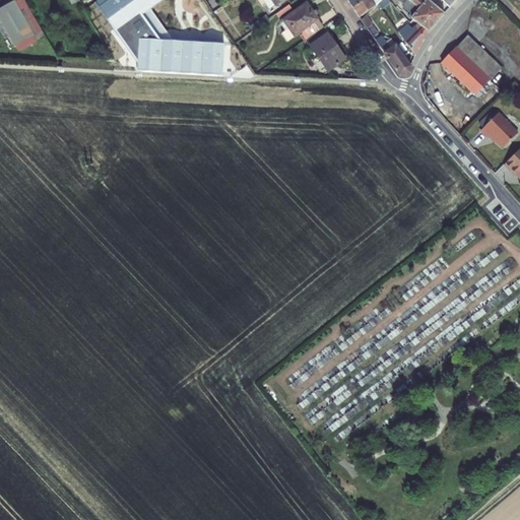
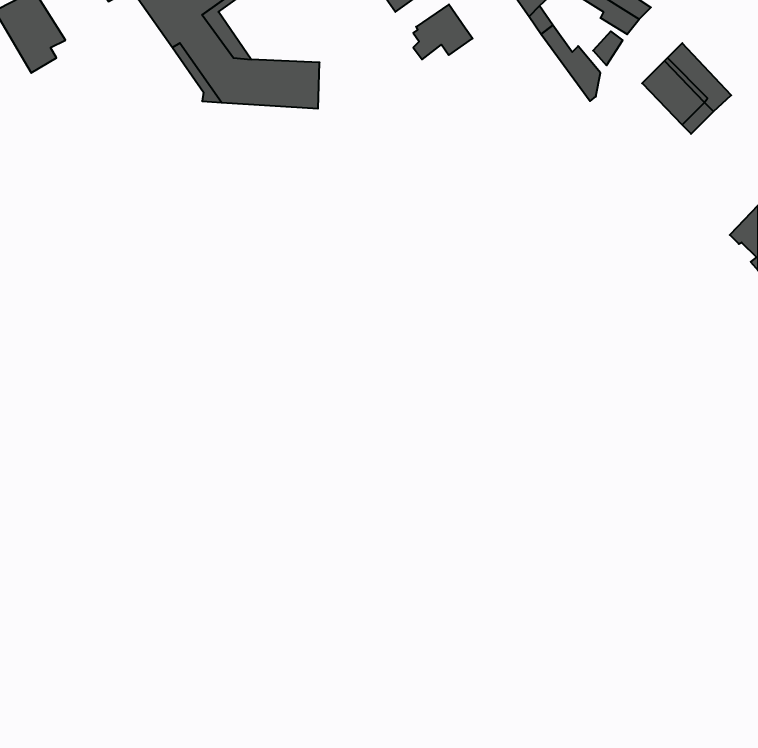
building: [311,32,347,70] -> none
building: [471,114,510,147] -> none

